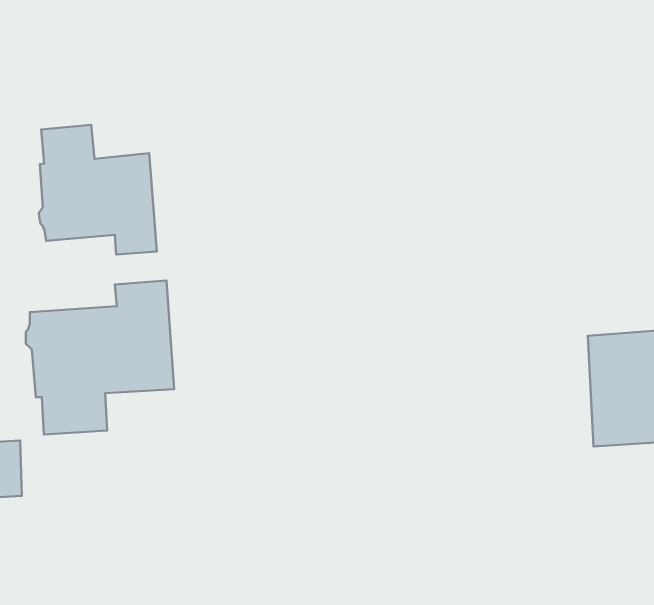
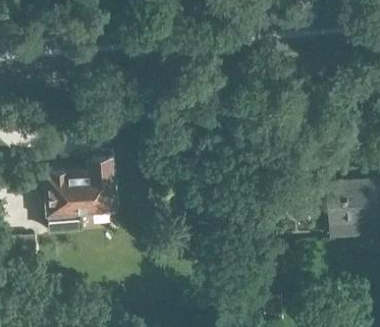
building: [39,125,157,255] -> none

